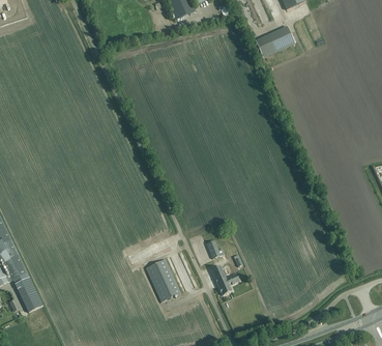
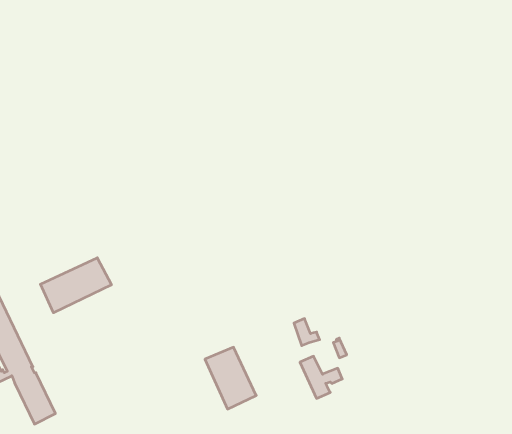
building: [255,26,294,57] -> none
building: none -> [40,258,111,313]

